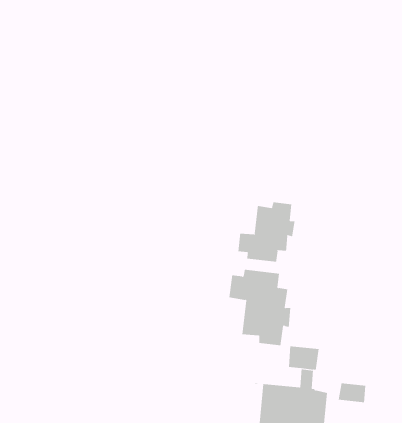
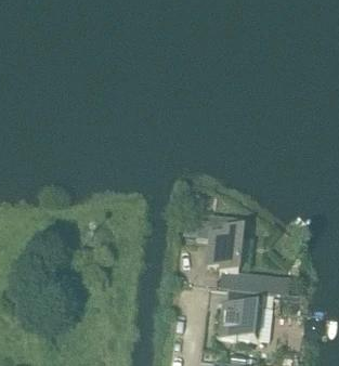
building: [238,202,295,263] -> none

